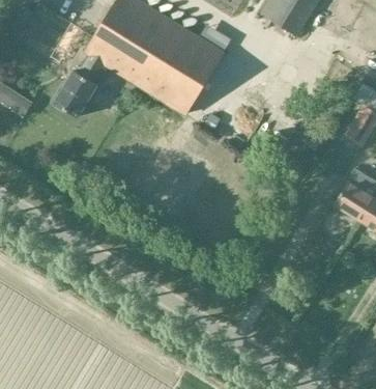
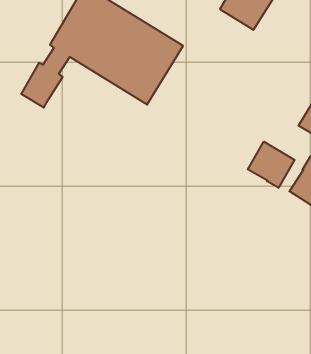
building: none -> [248,142,295,188]

